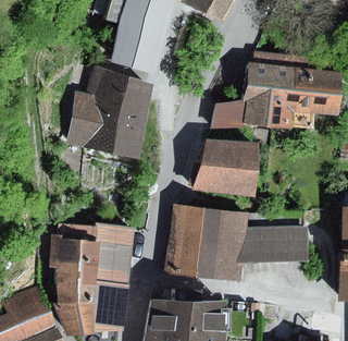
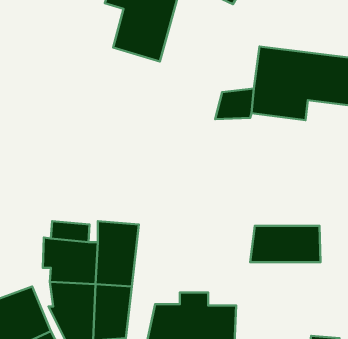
building: [67,66,156,157] -> none
building: [191,139,262,196] -> none
building: [164,203,248,279] -> none

